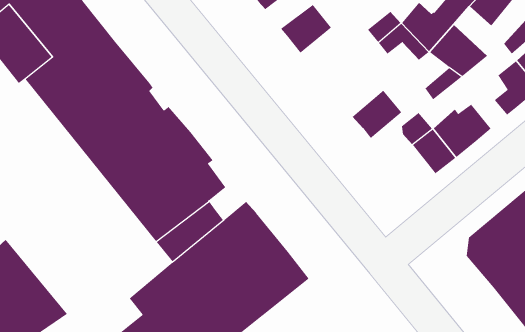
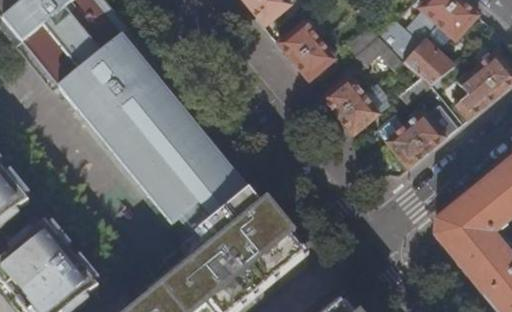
building: none -> [296,40,338,79]
building: none -> [323,74,367,116]

